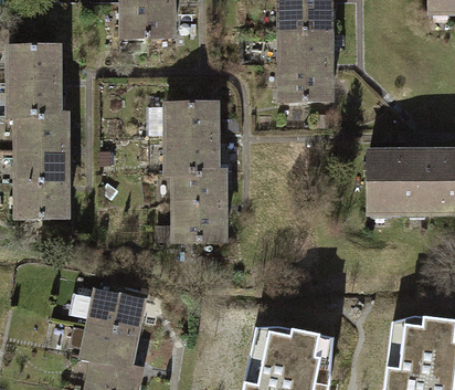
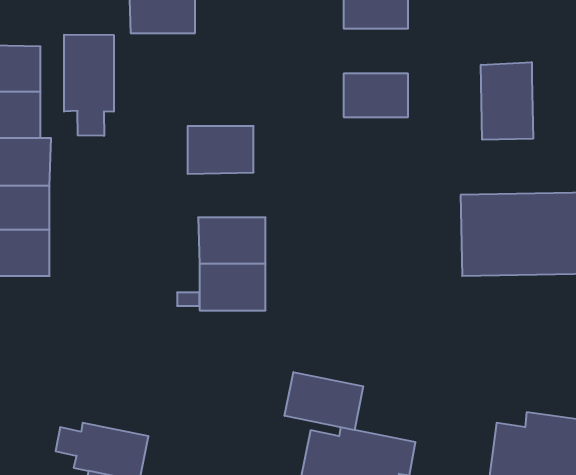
building: [281,32,328,65] -> none
building: none -> [64,35,114,136]
building: none -> [481,62,533,140]
building: [166,138,214,172] -> none
building: none -> [285,372,363,430]
building: [68,288,144,333] -> none

